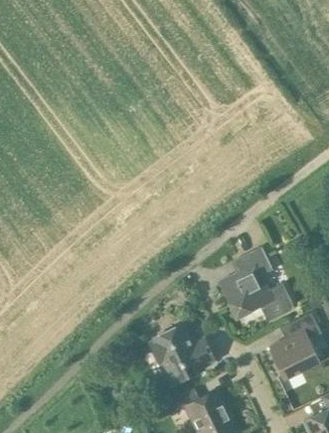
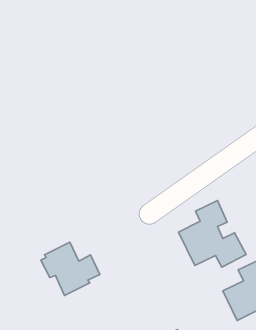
building: [149,324,214,384] -> [41,242,100,295]

